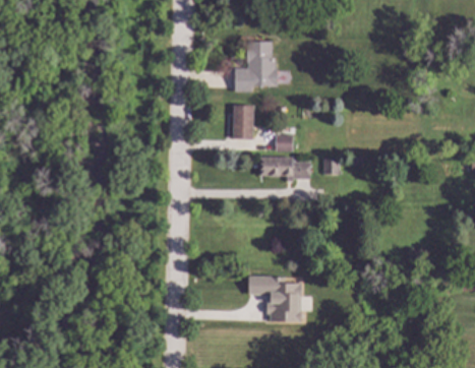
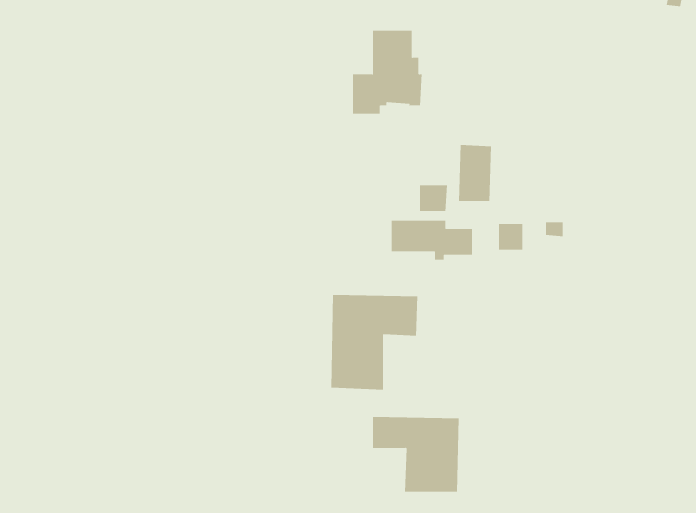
building: [233,104,253,138] -> [458,144,492,201]
building: none -> [331,294,418,391]

